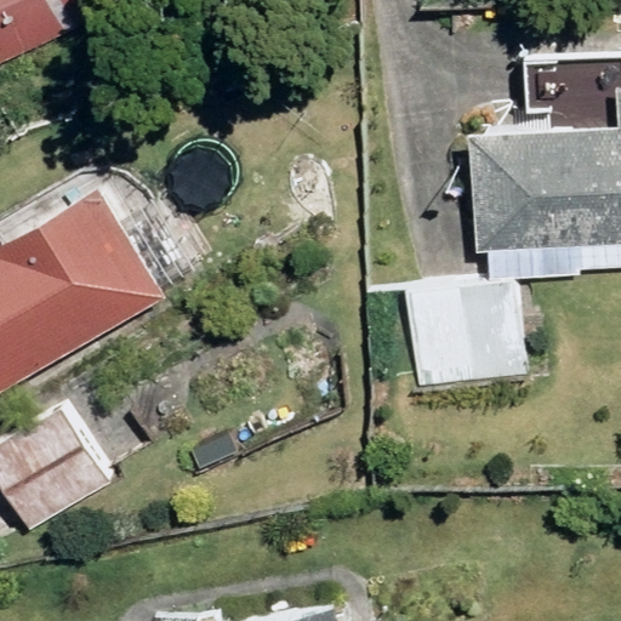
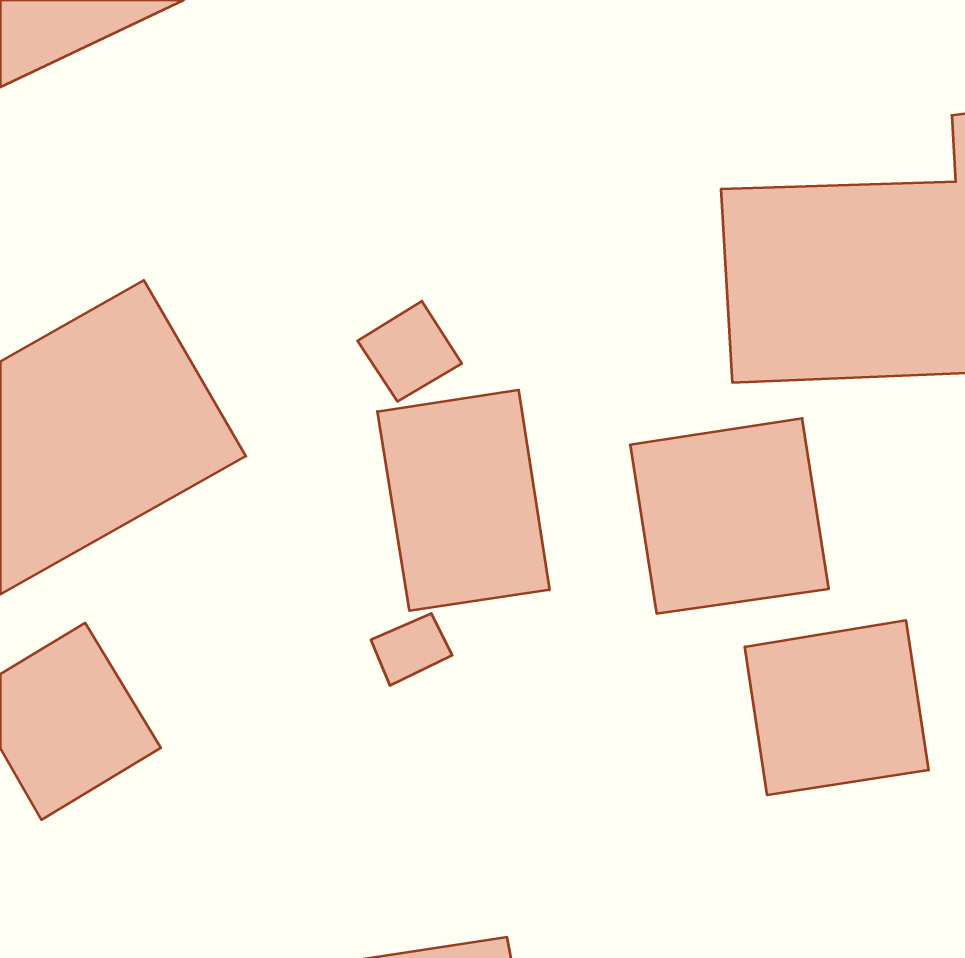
building: none -> [377,390,549,611]
building: none -> [745,620,928,795]

